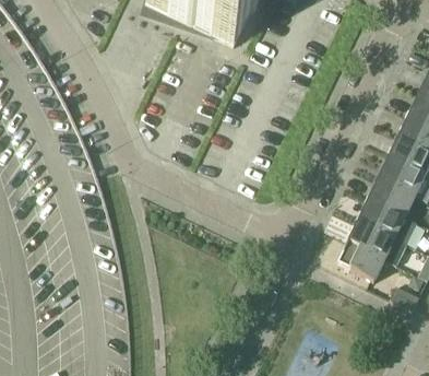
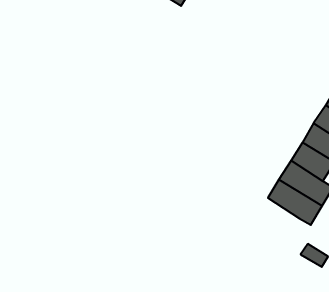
building: [336,239,383,280] -> none

